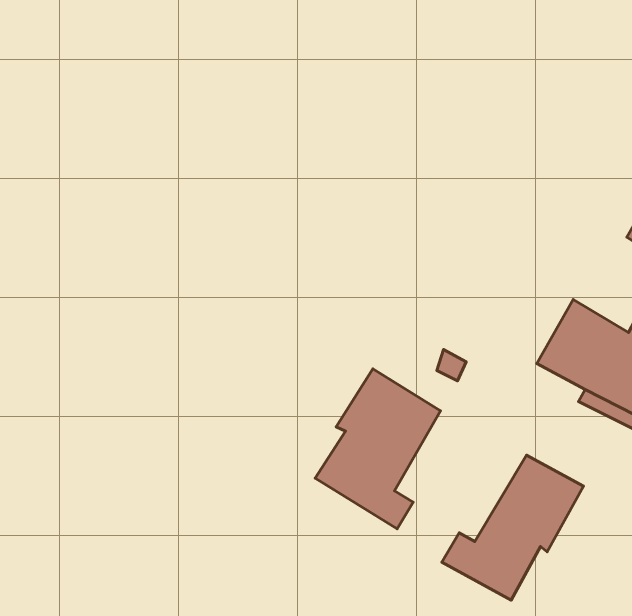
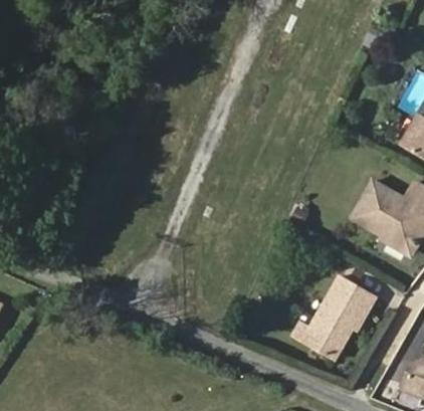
building: [315,369,440,529] -> none

